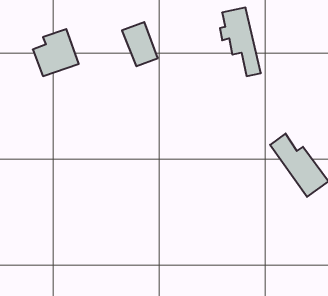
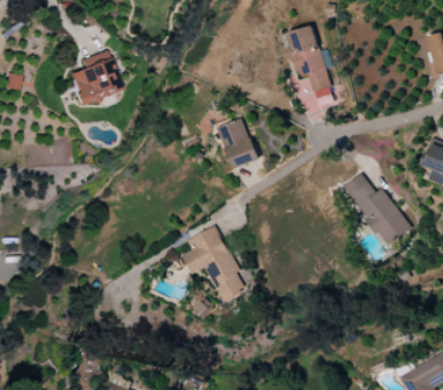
building: [122,22,158,66] -> [217,117,259,168]
building: none -> [183,225,246,301]

